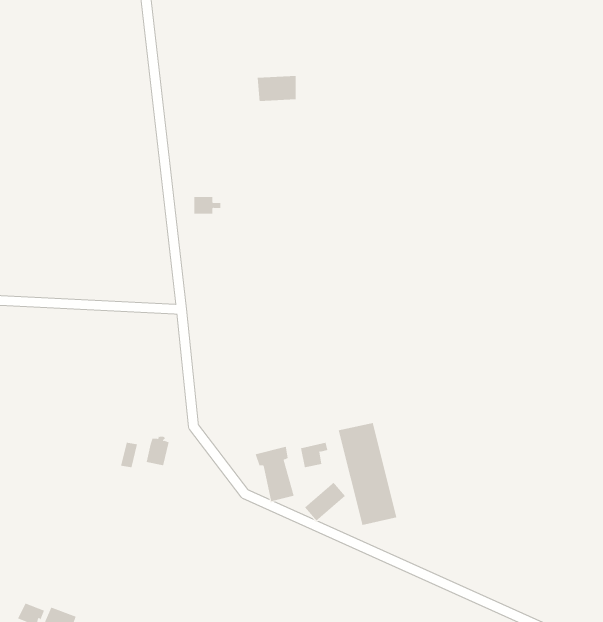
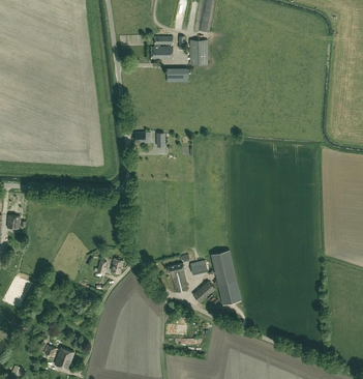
building: none -> [151,36,174,60]
building: none -> [189,40,208,65]

